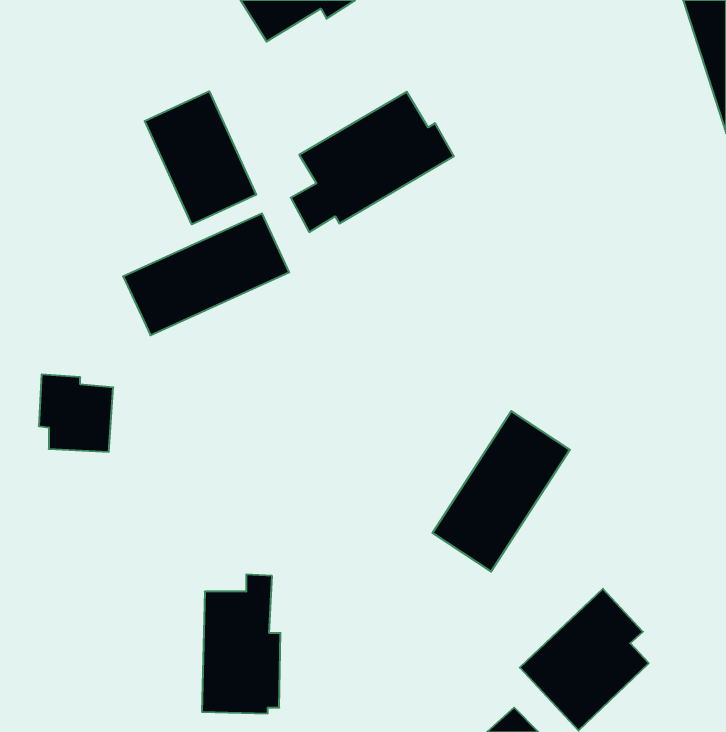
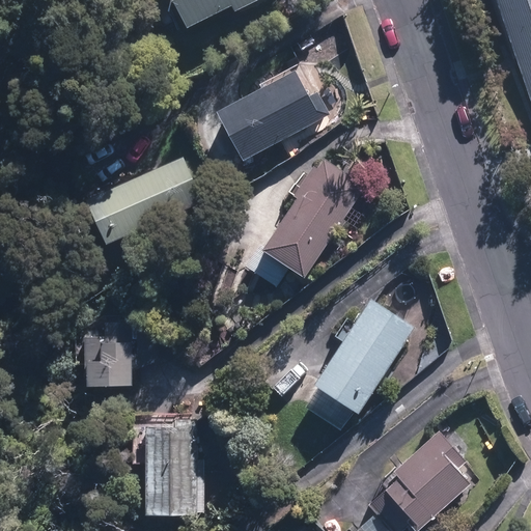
building: [145,91,256,224] -> none
building: none -> [245,163,361,285]
building: [39,374,113,452] -> [84,333,138,389]

